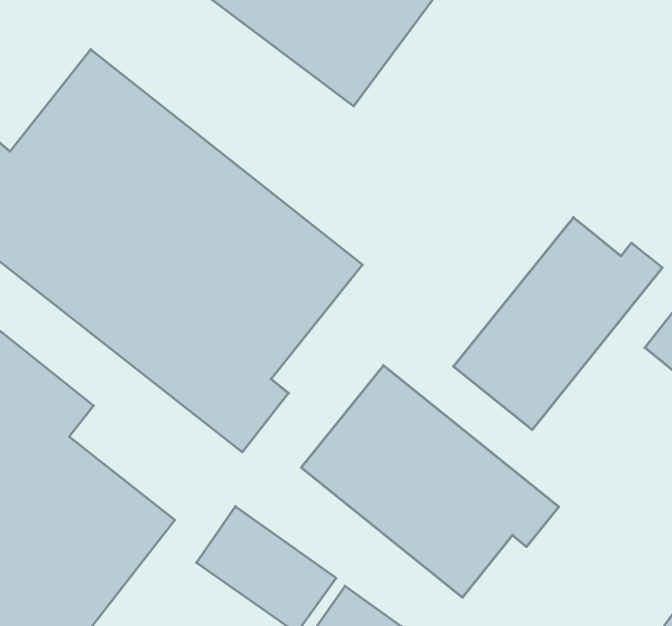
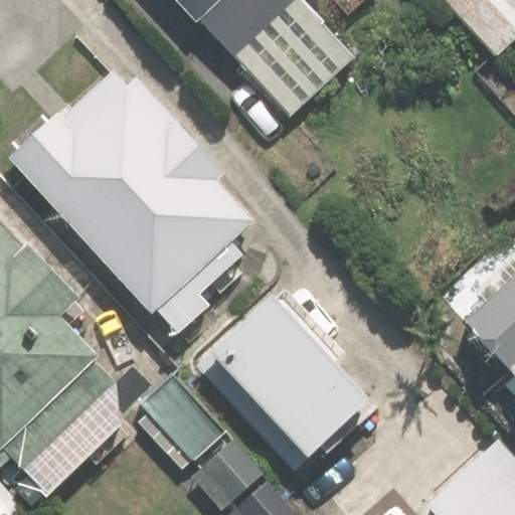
building: [453,217,662,430] -> none

